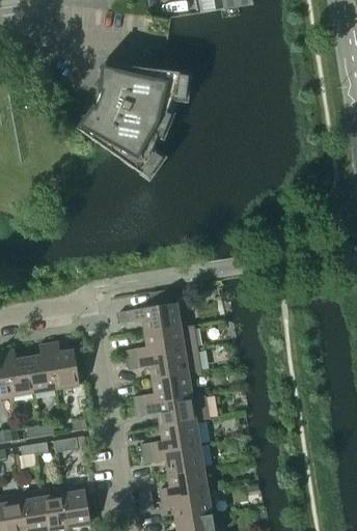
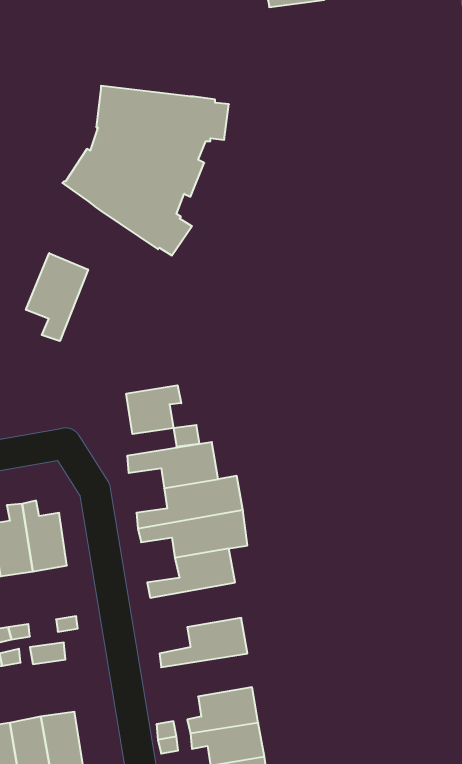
building: none -> [26,253,88,341]
building: none -> [126,385,181,434]
building: [136,395,210,427] -> none
building: [143,445,204,474] -> none

